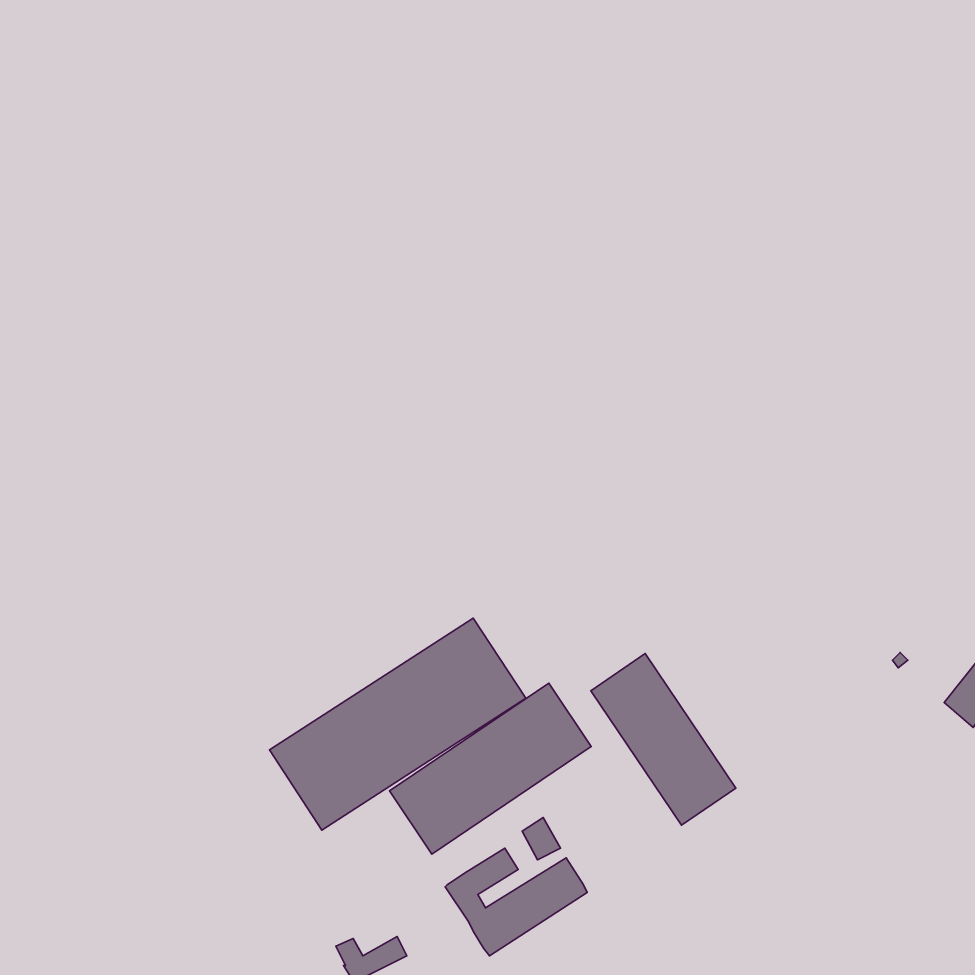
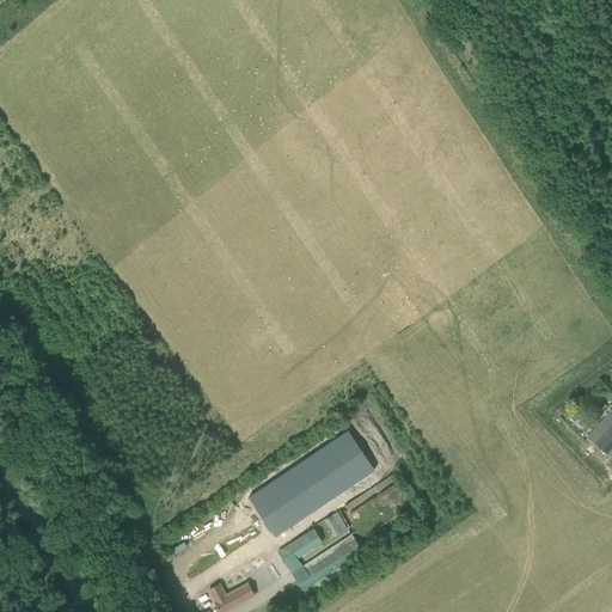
building: [270,618,526,830] -> none
building: [591,654,736,825] -> none

